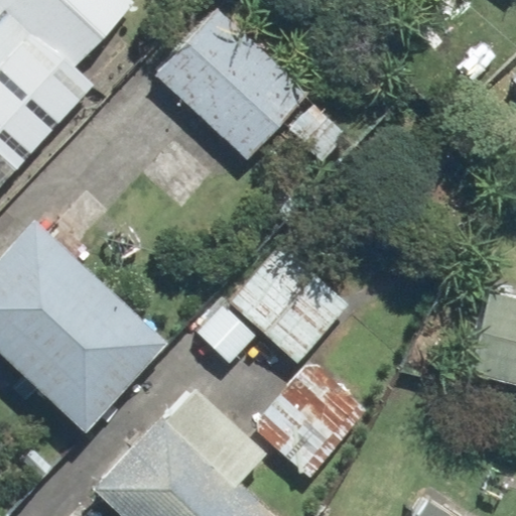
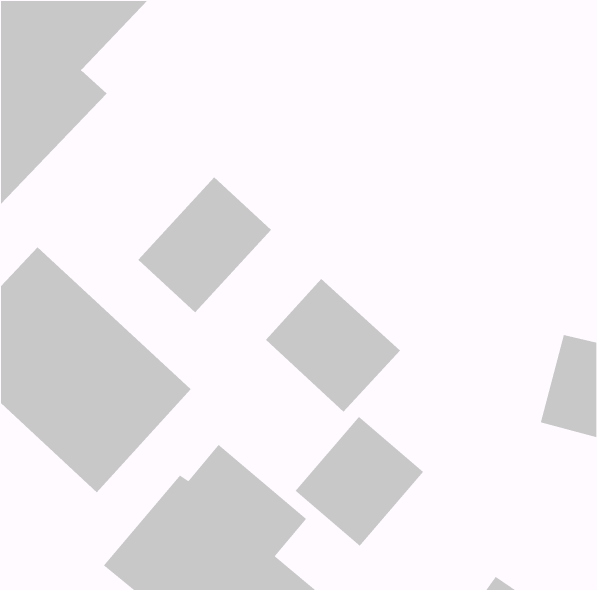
building: [157,12,305,158] -> none
building: none -> [137,176,272,313]

